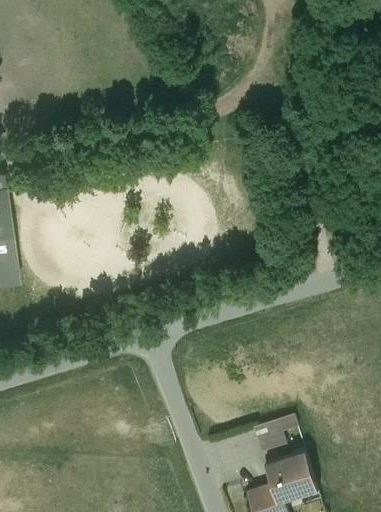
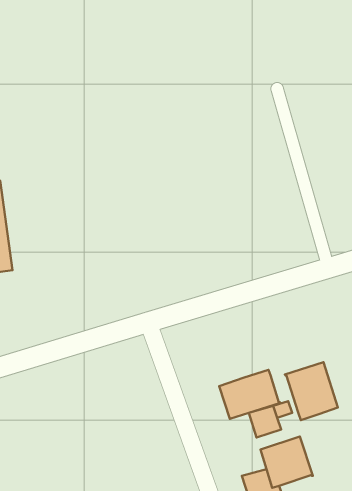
building: none -> [285,362,338,420]
building: none -> [219,370,281,419]

